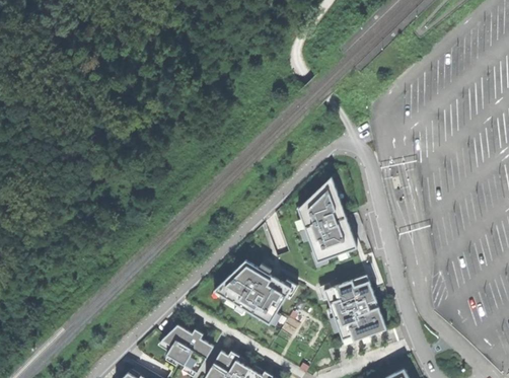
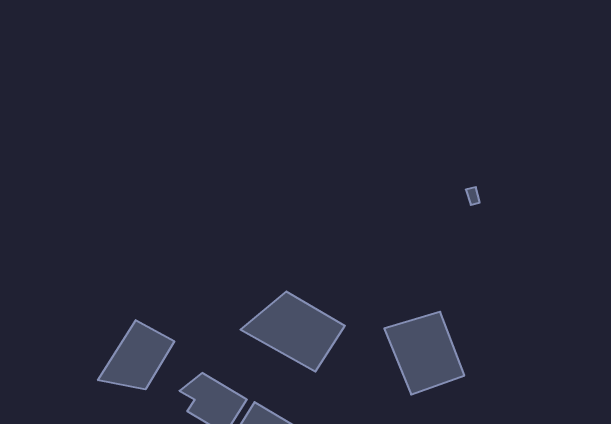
building: [298,178,354,259] -> none
building: none -> [98,320,174,389]

